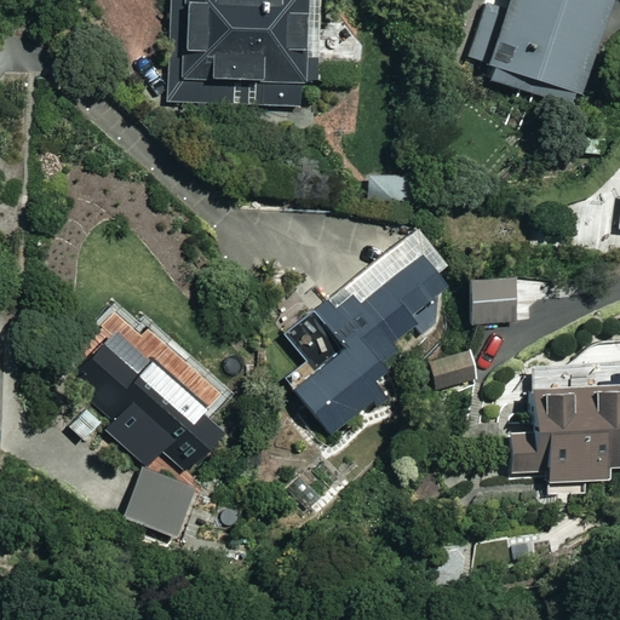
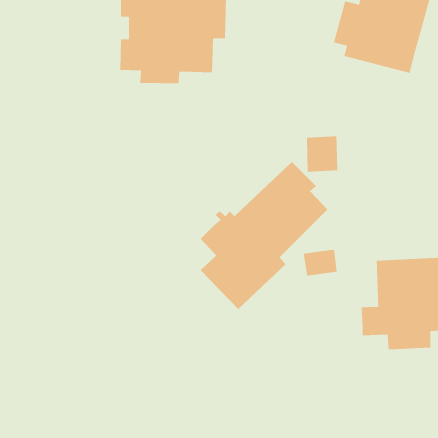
building: [472,274,517,325] -> [306,136,338,172]
building: [81,318,220,469] -> none
building: [122,463,196,533] -> none

